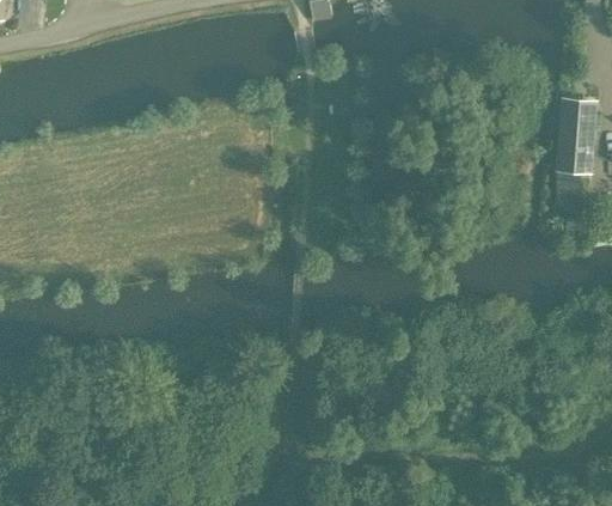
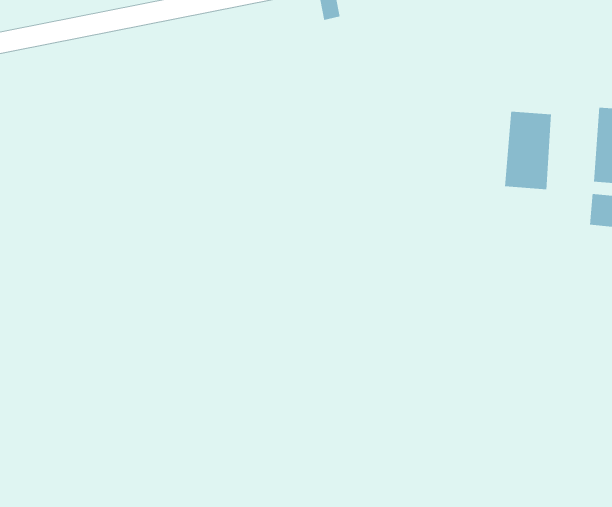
building: none -> [504,111,552,190]

